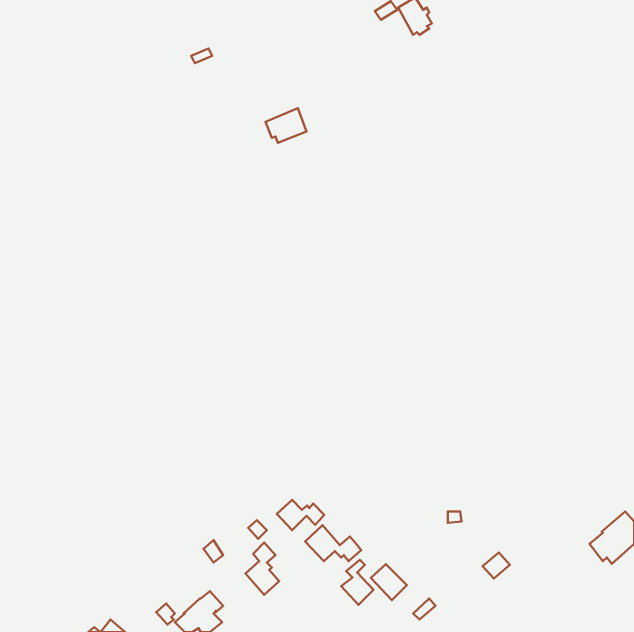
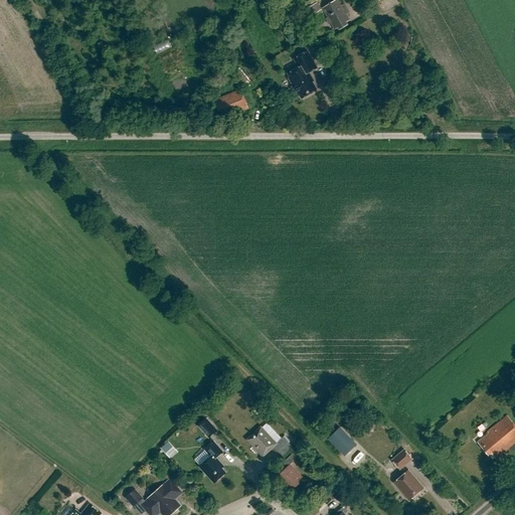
building: none -> [288,49,317,97]
building: [277,500,324,530] -> none
building: [371,564,407,600] -> [328,425,357,455]
building: none -> [393,469,424,499]

